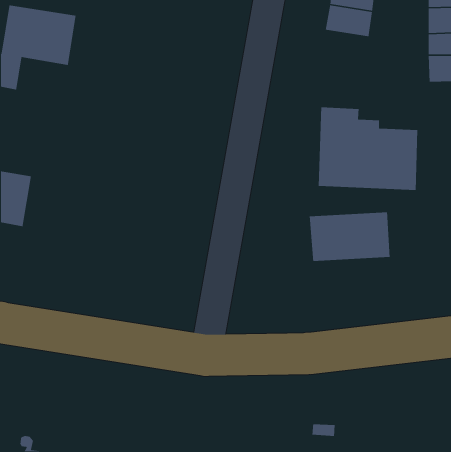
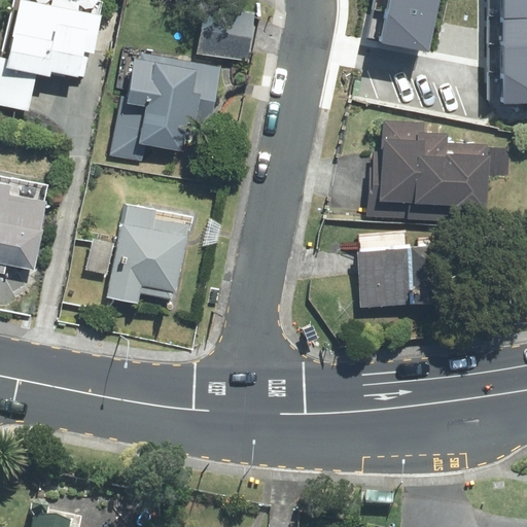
building: none -> [196,9,252,60]
building: none -> [116,61,212,154]
building: none -> [114,203,190,307]

